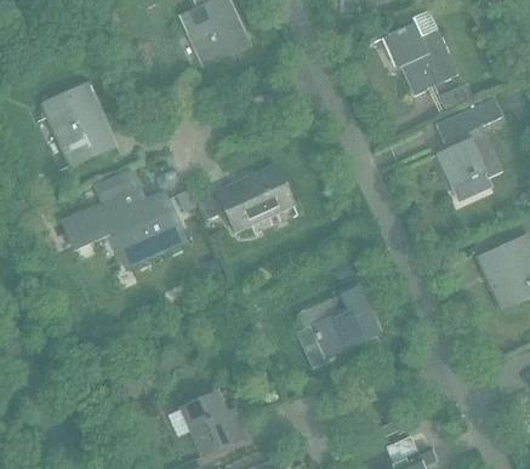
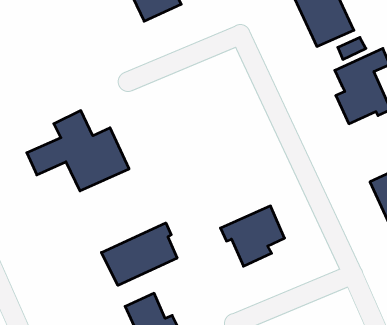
building: [44,84,118,166] -> none
building: [217,165,294,230] -> none
building: none -> [101,223,177,285]

